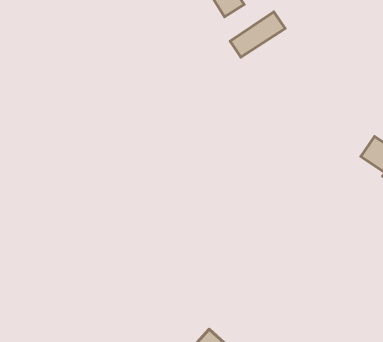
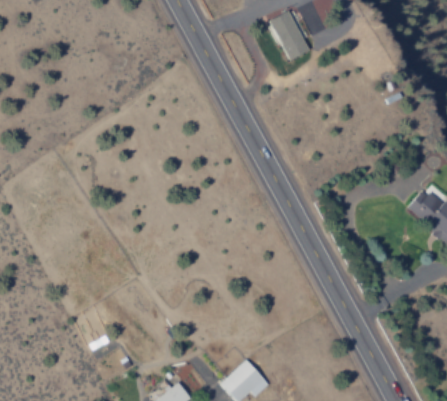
building: [230,12,285,57] -> none

